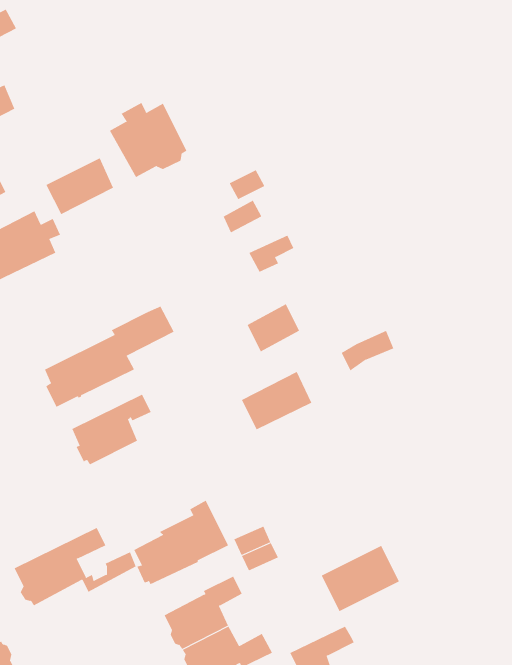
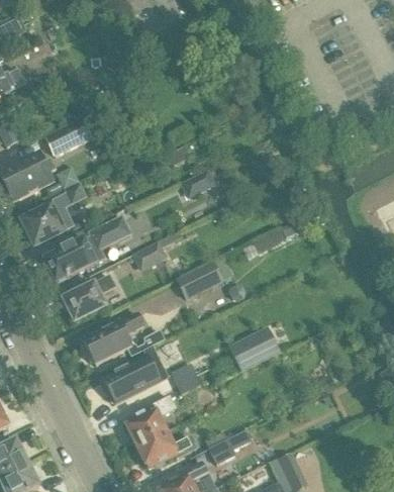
building: [109,102,187,178] -> none
building: none -> [20,182,87,247]
building: [247,304,300,352] -> [132,238,168,271]
building: [14,527,136,606] -> [83,311,165,364]
building: [321,545,400,612] -> [228,325,281,370]

